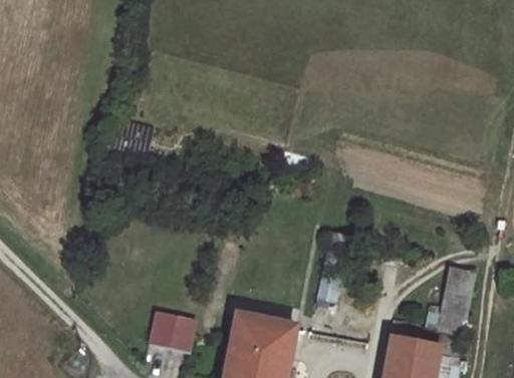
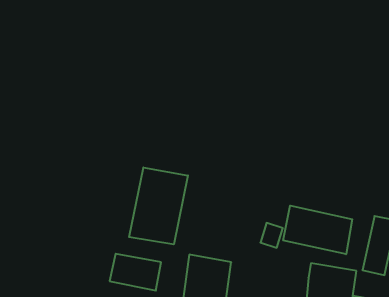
building: none -> [129,167,188,244]
building: none -> [283,206,352,254]

